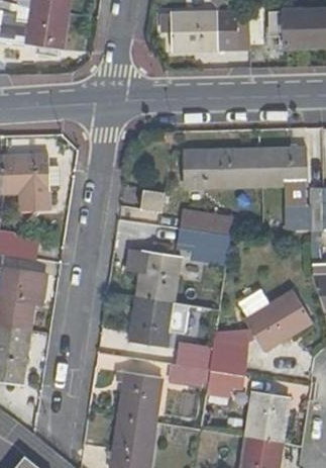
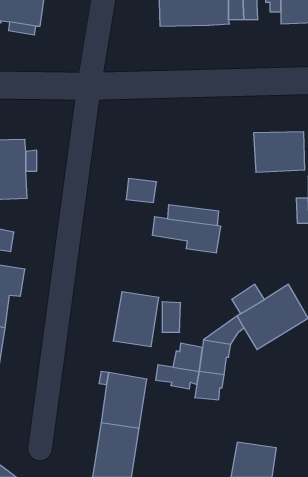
building: [185,148,262,186] -> none
building: [131,249,181,300] -> none
building: [245,389,289,440] -> none

